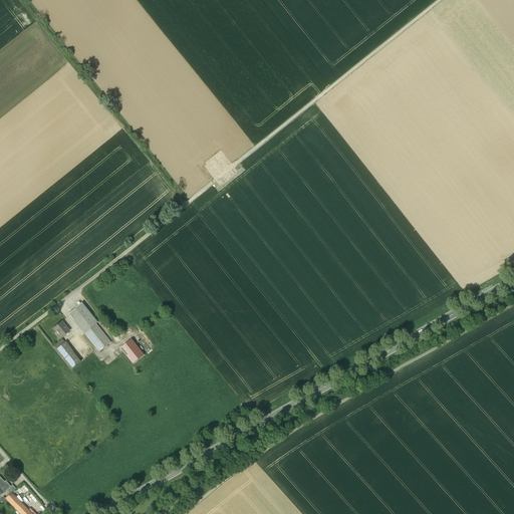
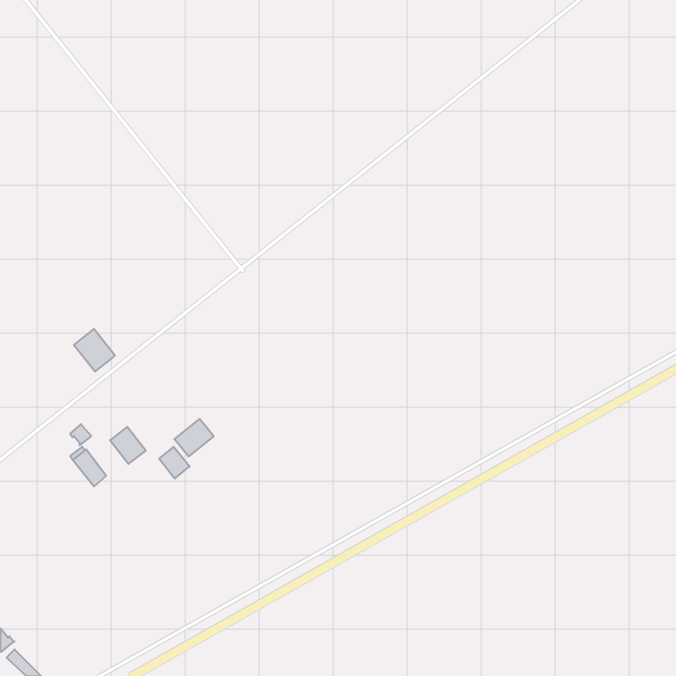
building: [68,301,99,333] -> [74,329,115,371]
building: none -> [174,419,214,456]

